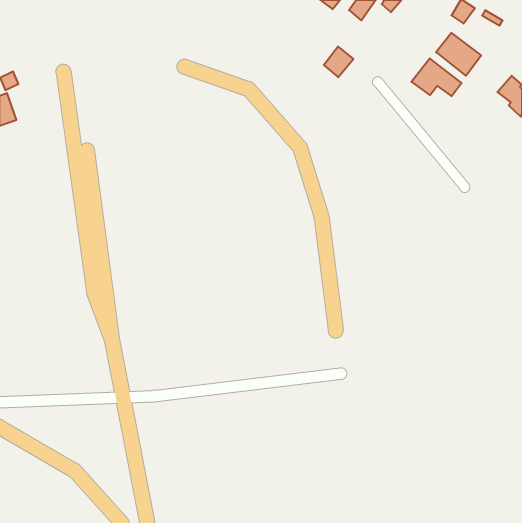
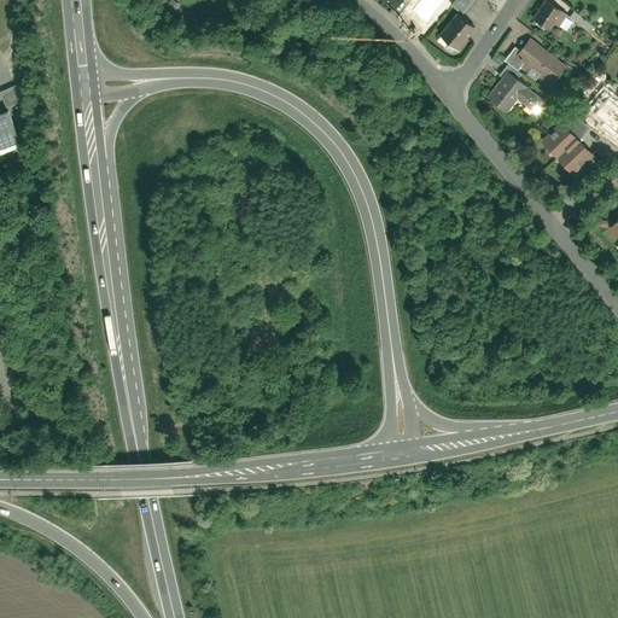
building: [324,47,353,77] -> [439,14,474,51]
building: none -> [540,121,593,175]

